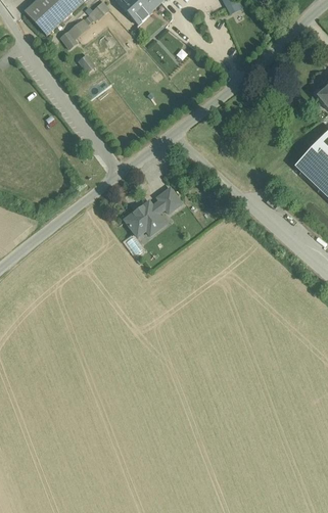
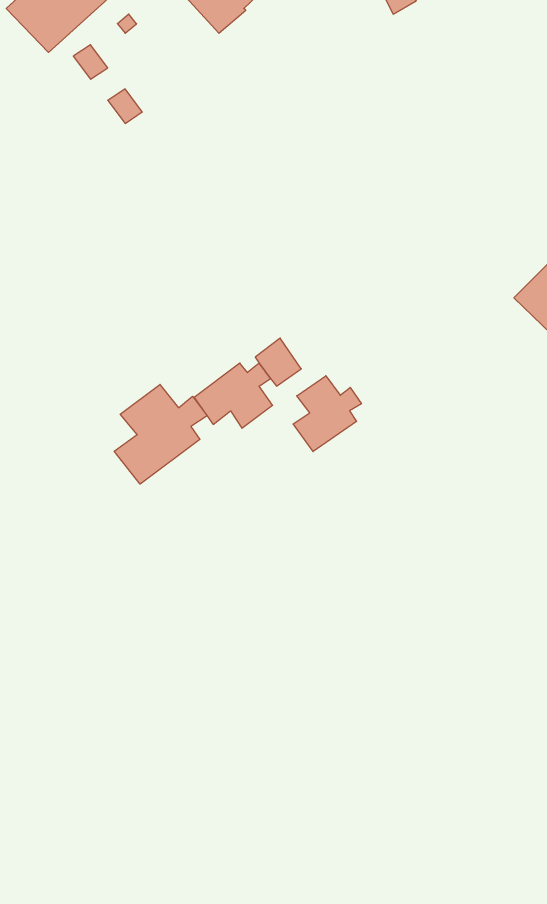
building: none -> [293,376,361,452]
building: none -> [114,384,207,484]

